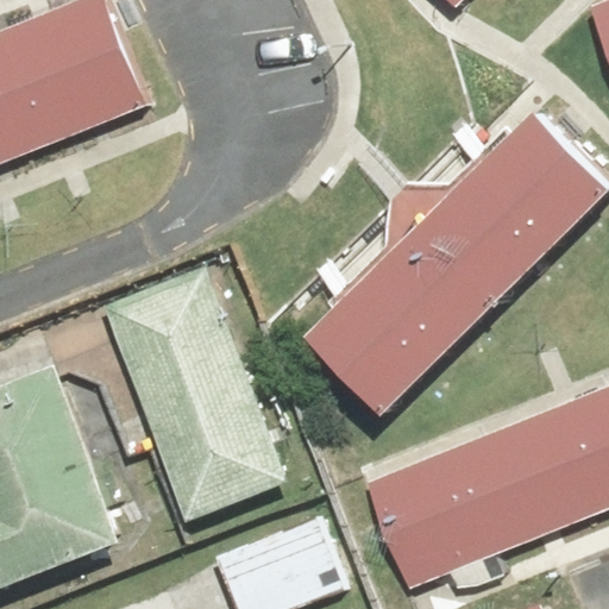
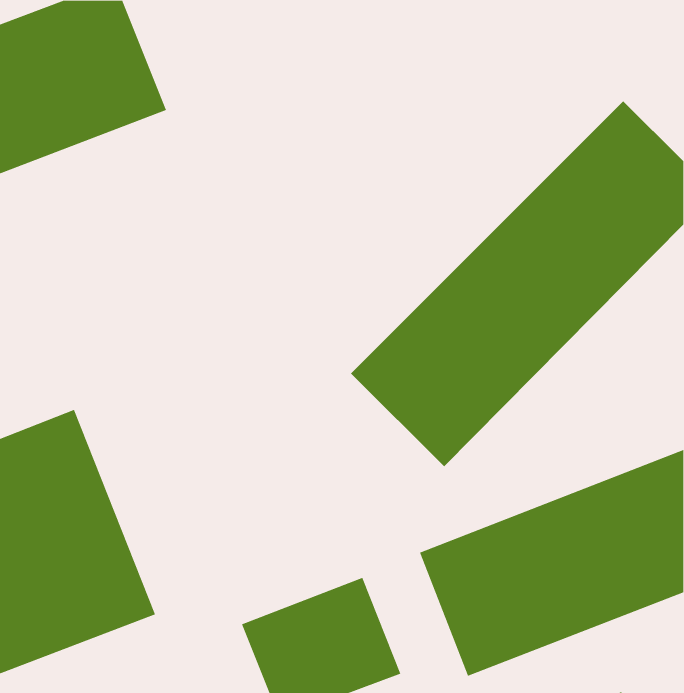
building: [98,263,290,513] -> none

